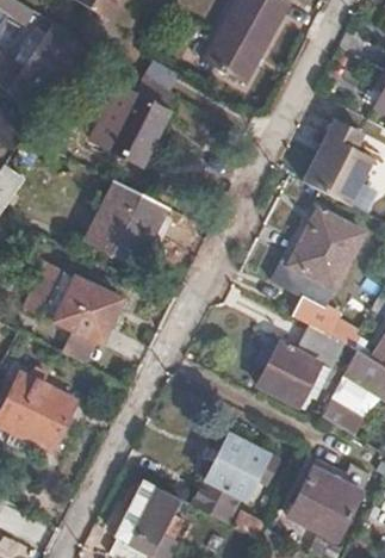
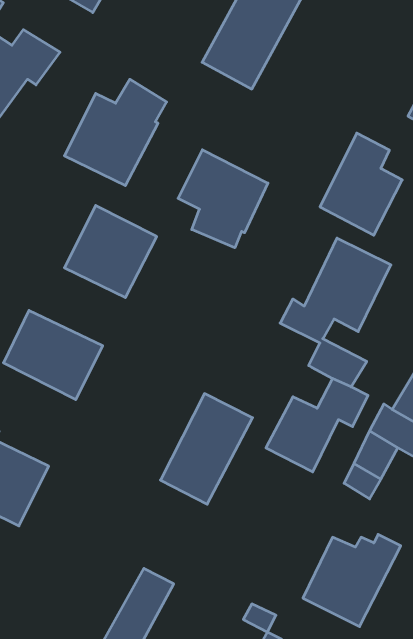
building: none -> [178,150,268,248]
building: [191,433,268,526] -> [160,394,253,504]

